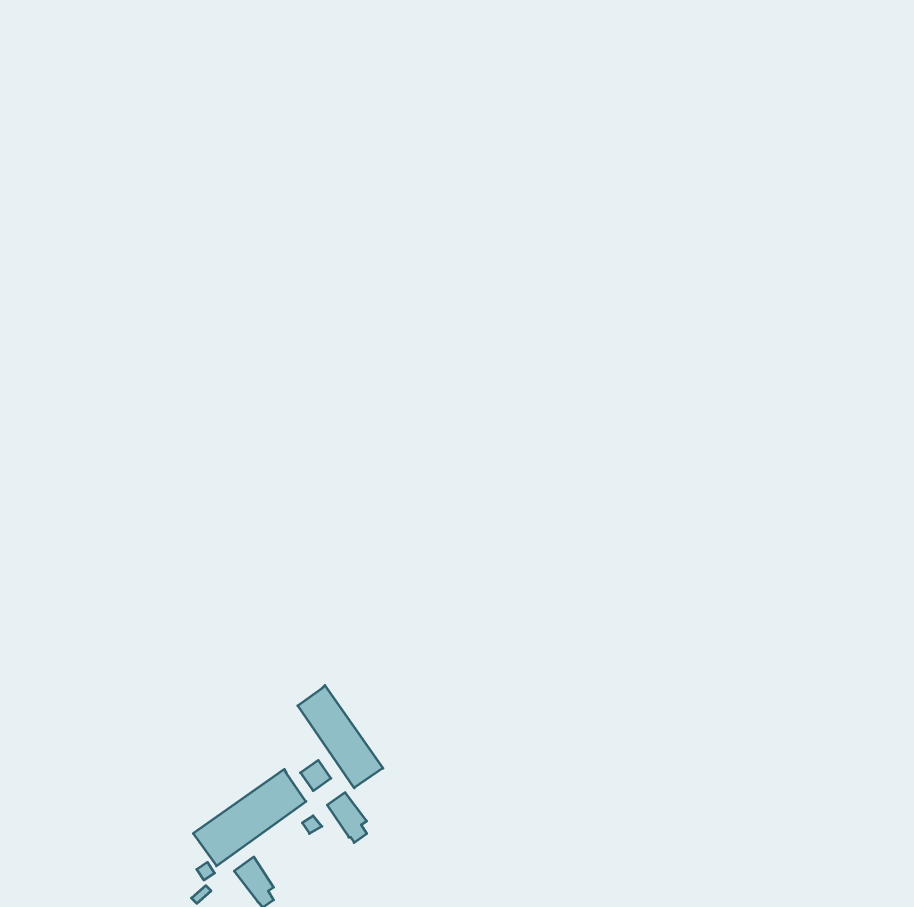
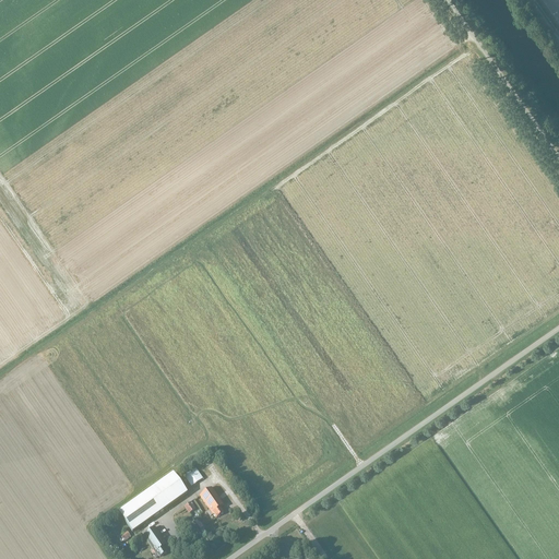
building: [298,685,383,788] -> none

